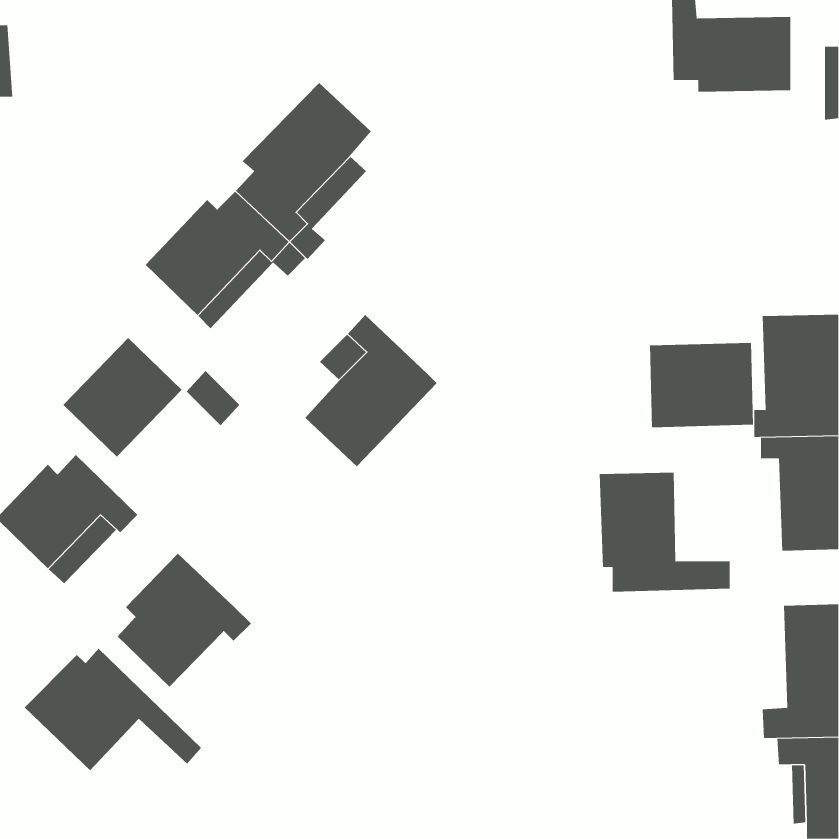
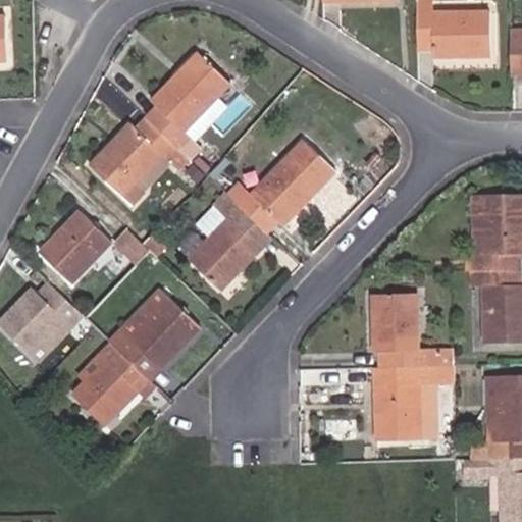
building: none -> [226,139,334,231]
building: [650,342,753,428] -> none
building: none -> [110,288,201,376]
building: none -> [374,365,453,440]
building: [24,648,202,771] -> none

